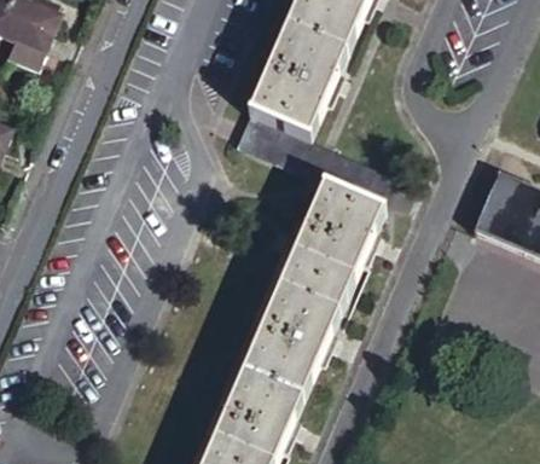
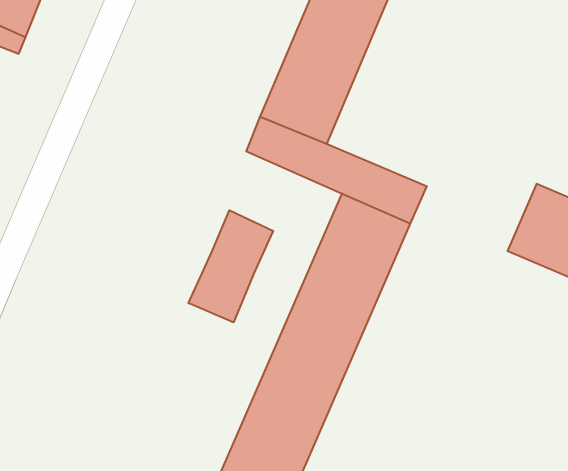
building: none -> [188,210,273,322]

